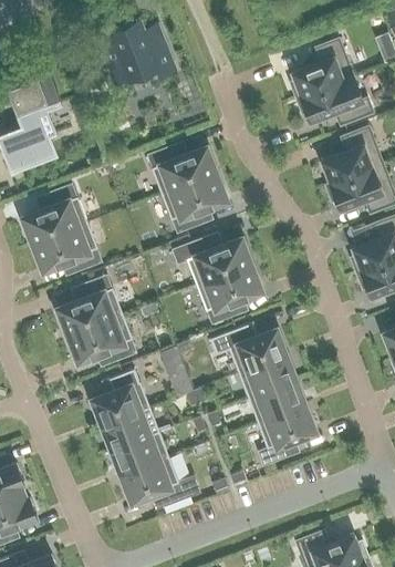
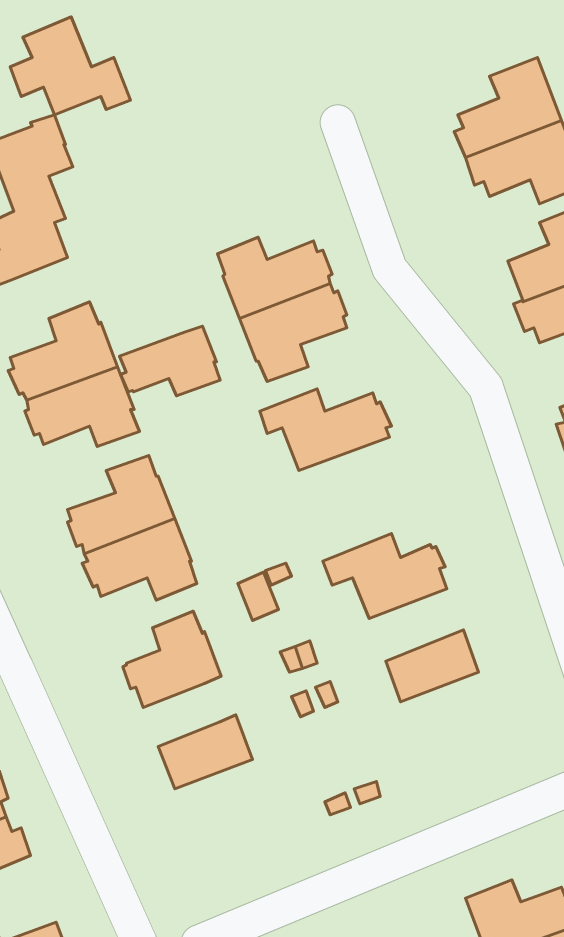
building: [103,20,175,79] -> [10,17,130,115]
building: none -> [120,326,220,396]
building: [197,266,261,324] -> none
building: [239,357,295,400] -> none
building: [258,406,316,465] -> none
building: [104,413,149,451] -> none
building: [123,458,193,507] -> none

